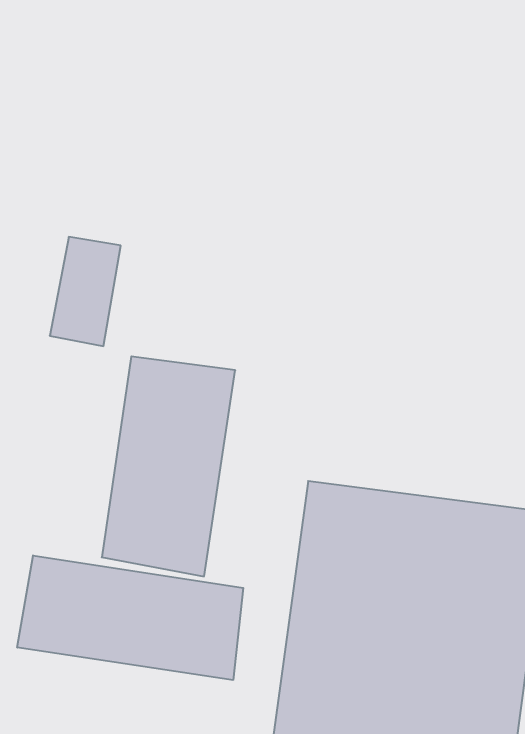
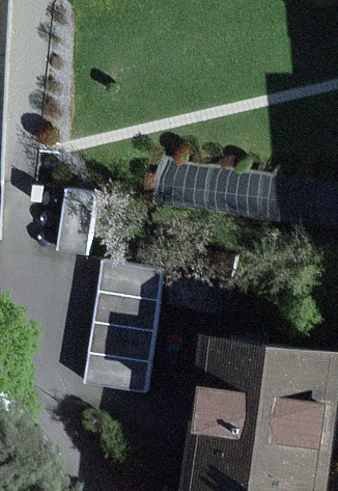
building: [17,555,243,680] -> none

